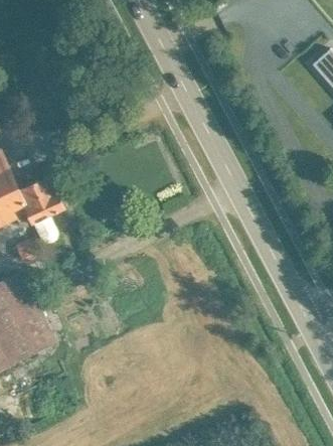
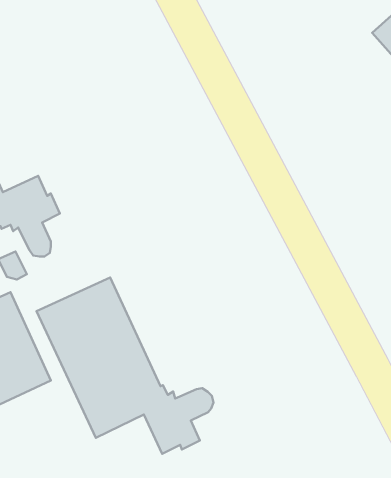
building: none -> [37,278,214,454]

